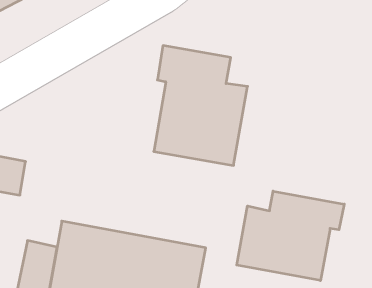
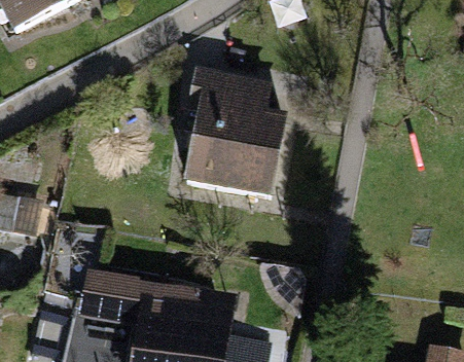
building: [237,191,344,281] -> none

